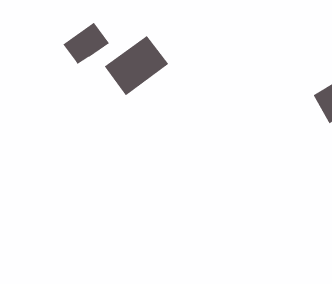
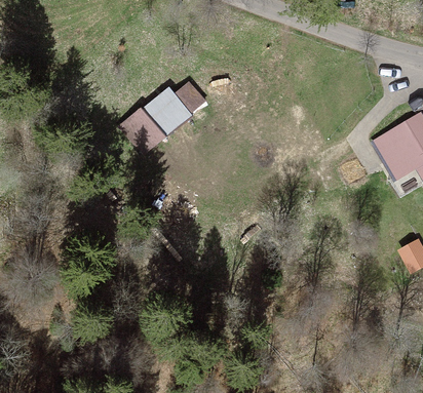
building: [63,22,110,65] -> none

